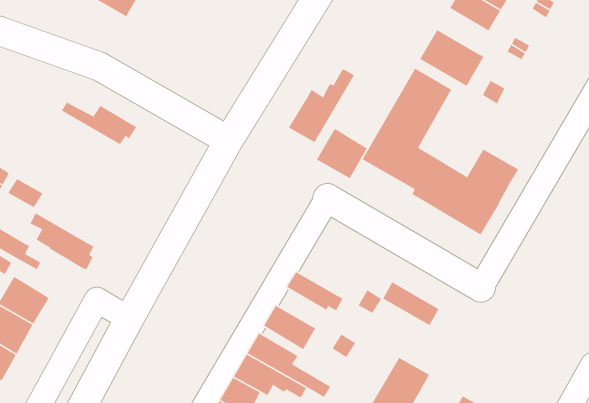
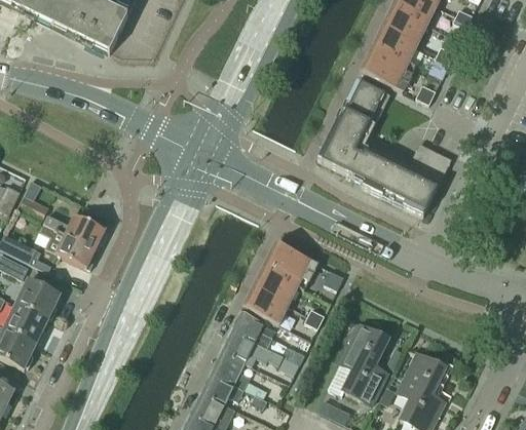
building: none -> [374,26,418,62]
building: [288,68,355,143] -> none
building: [61,101,137,145] -> [43,214,109,248]
building: [316,128,368,179] -> none
building: [382,281,439,326] -> [268,242,317,278]
building: none -> [253,272,297,305]

